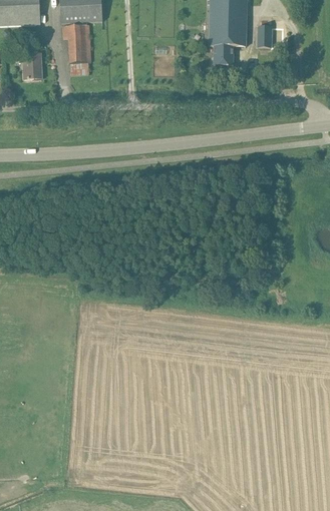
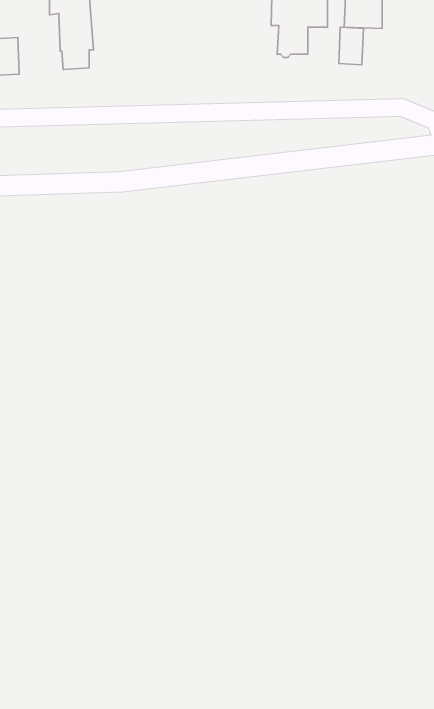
building: none -> [339,27,363,65]

